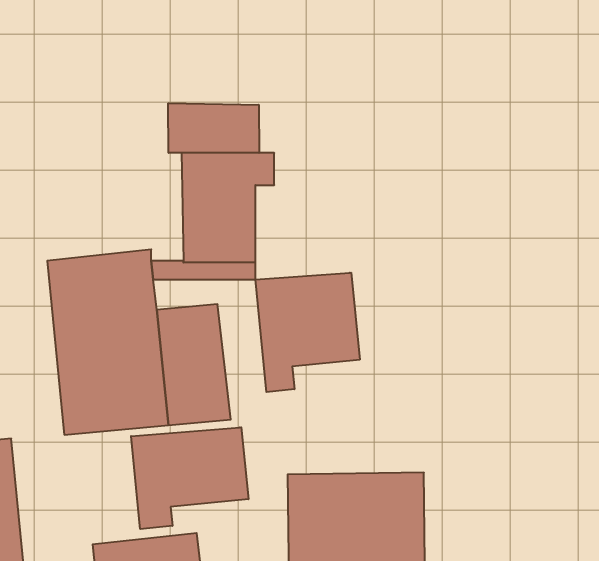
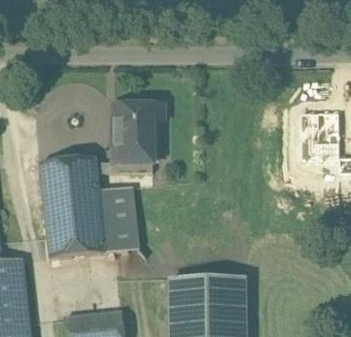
building: [168,103,259,153] -> none
building: [255,273,360,392] -> none
building: [131,427,248,529] -> none

